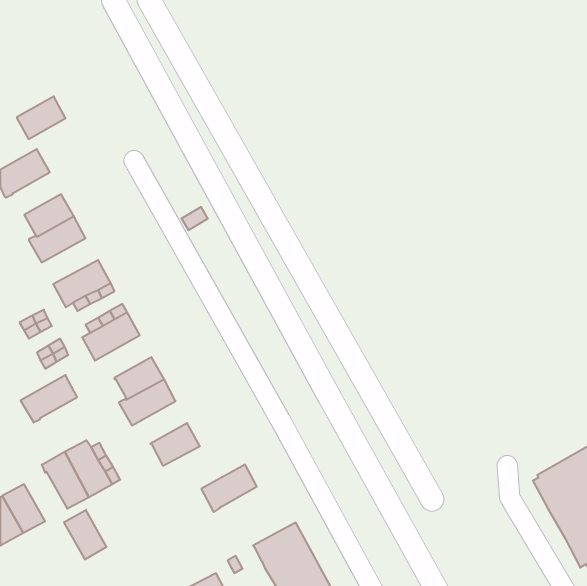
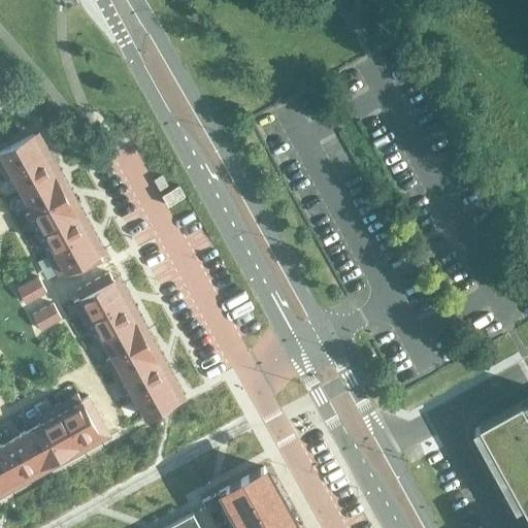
building: [17,96,65,139] -> [14,158,58,196]
building: none -> [40,217,91,258]
building: [21,375,77,423] -> [88,303,138,345]
building: [201,465,257,512] -> [121,362,170,404]
building: [64,510,107,559] -> [25,425,63,469]

